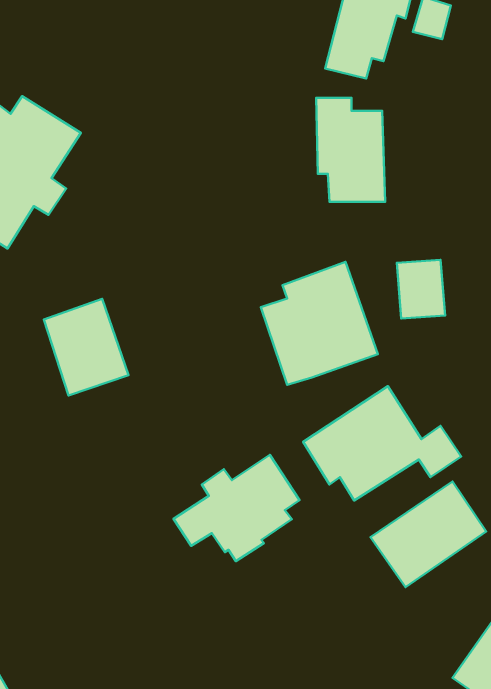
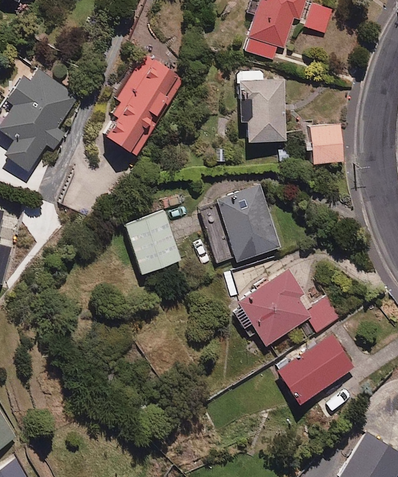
building: none -> [102,55,184,159]
building: [397,260,445,319] -> [309,124,342,164]
building: [44,299,129,396] -> [123,210,181,276]
building: [173,455,300,561] -> none

